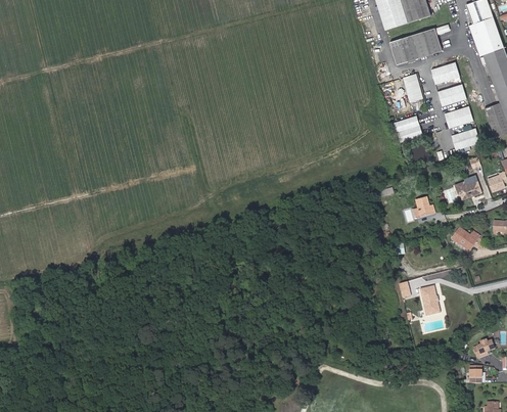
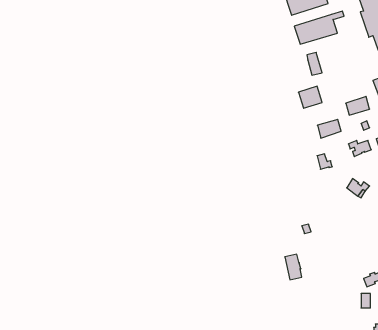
building: [430,62,459,85] -> none
building: [436,85,466,106] -> none
building: [444,106,472,129] -> [317,119,341,138]
building: [419,285,440,316] -> [285,254,302,280]

